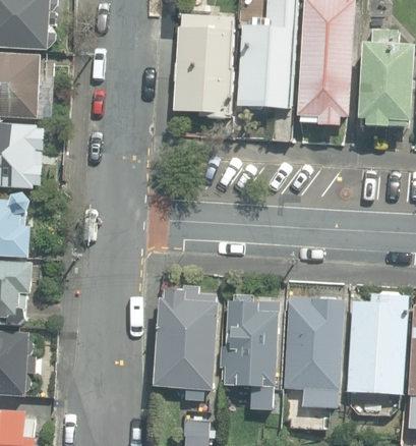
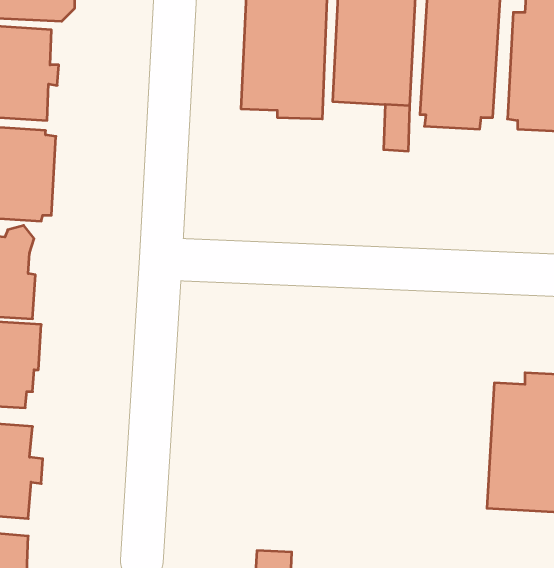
building: [153,286,217,400] -> none
building: [220,294,279,401] -> none
building: [283,296,343,407] -> none

